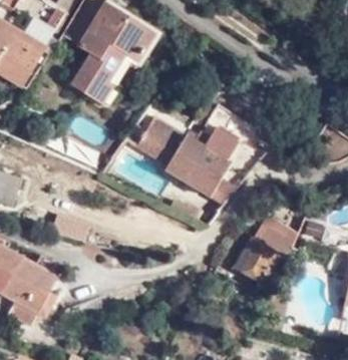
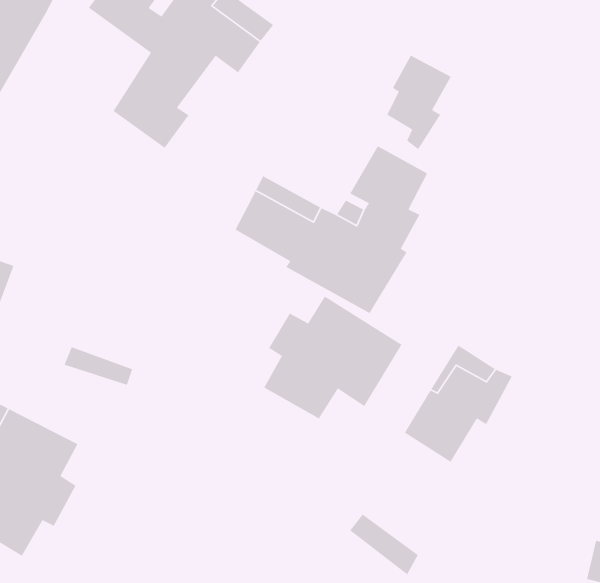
building: none -> [386,55,452,150]
building: none -> [263,295,403,420]

